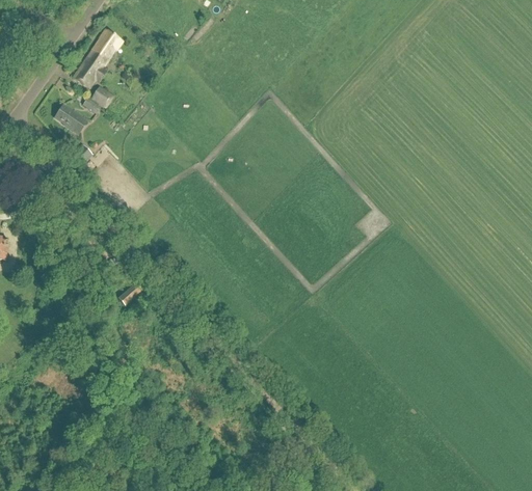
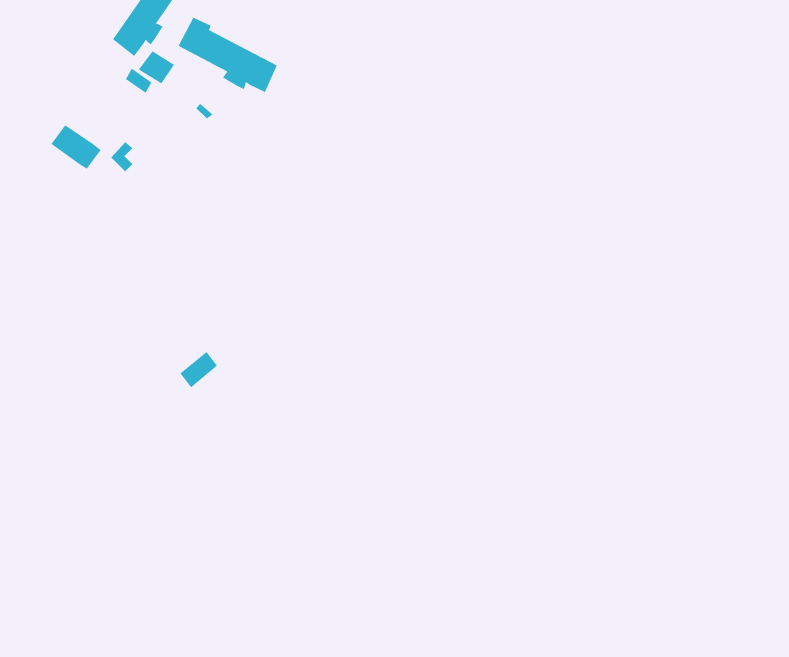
building: none -> [178,17,277,93]
building: [54,105,87,134] -> [50,125,102,169]

